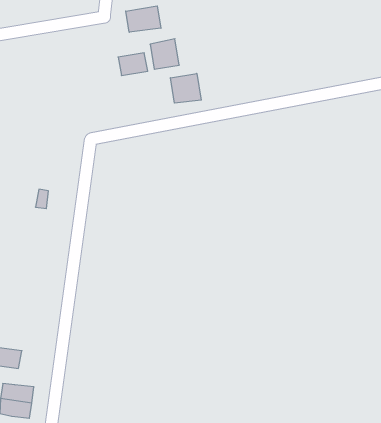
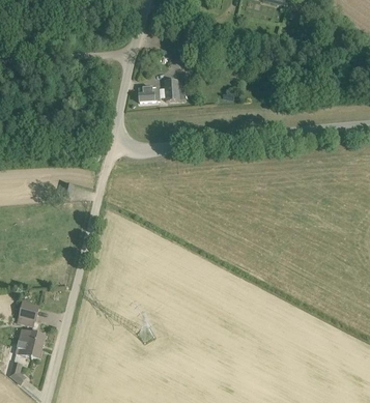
building: [126,6,161,32] -> none
building: [170,73,201,103] -> none

